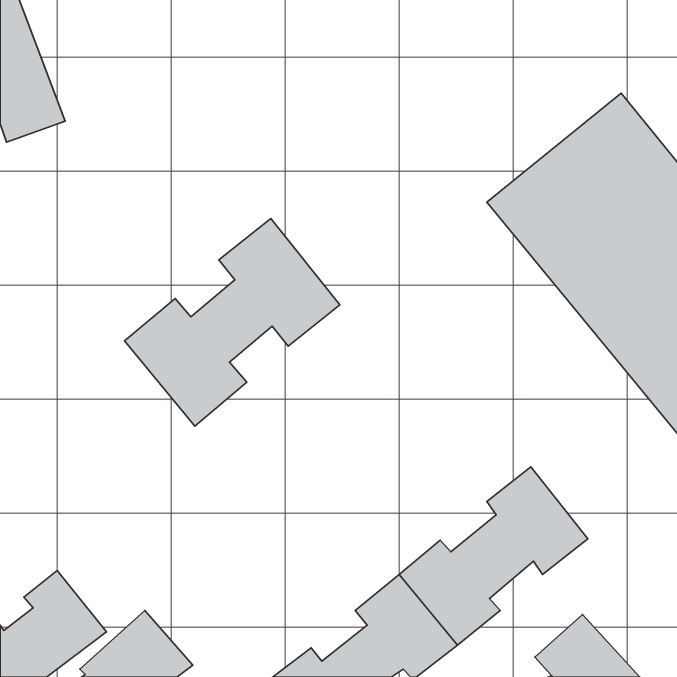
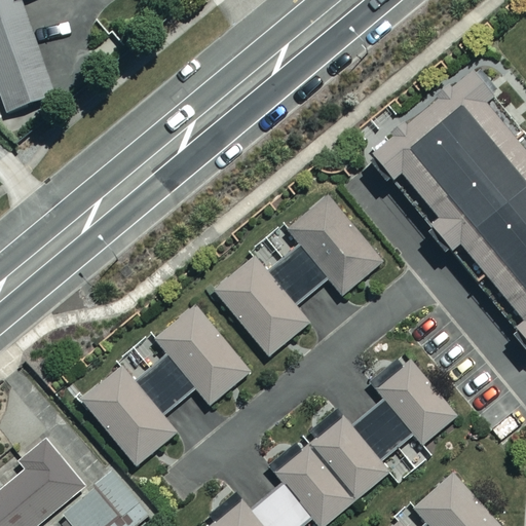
building: [124,219,340,426] -> [215,195,381,355]
building: none -> [81,306,250,465]

